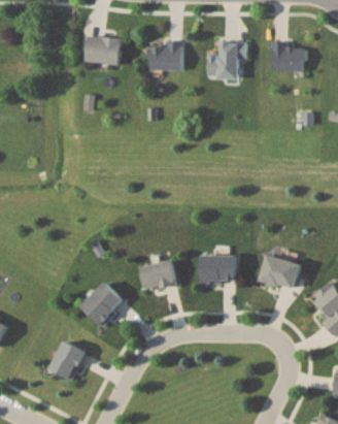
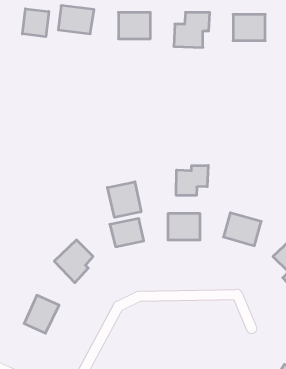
building: none -> [22,9,49,37]
building: none -> [176,165,208,195]
building: none -> [107,182,141,217]

